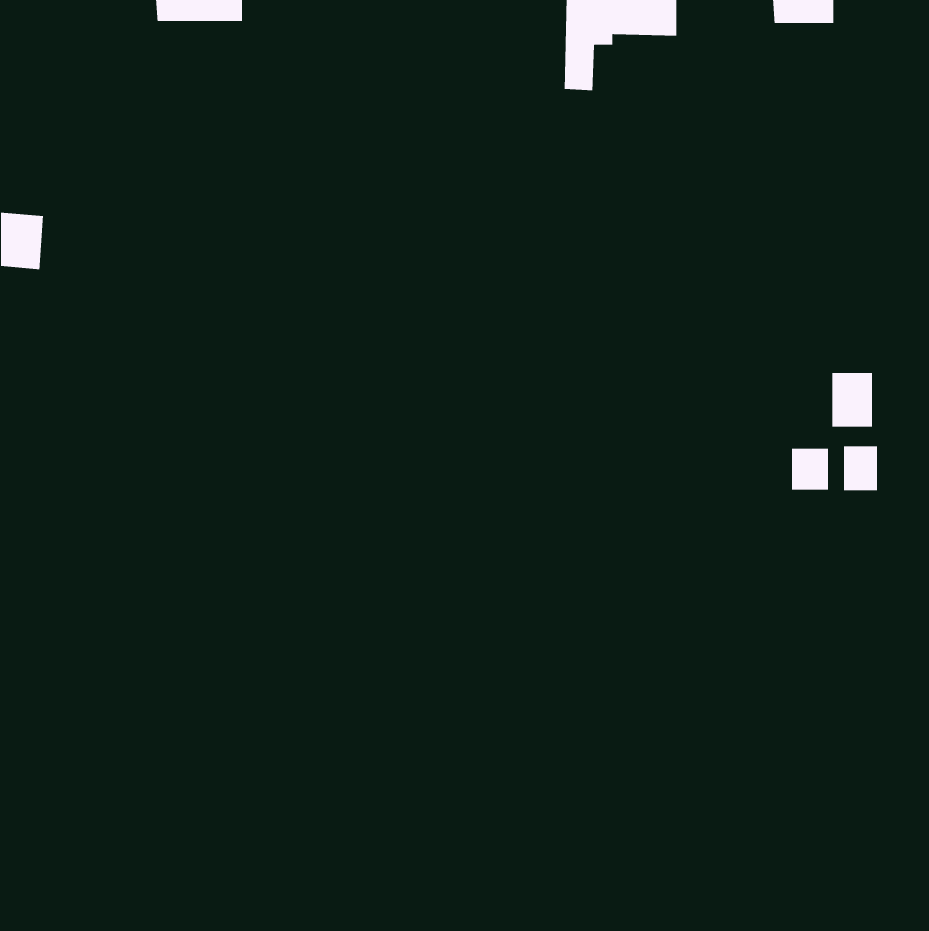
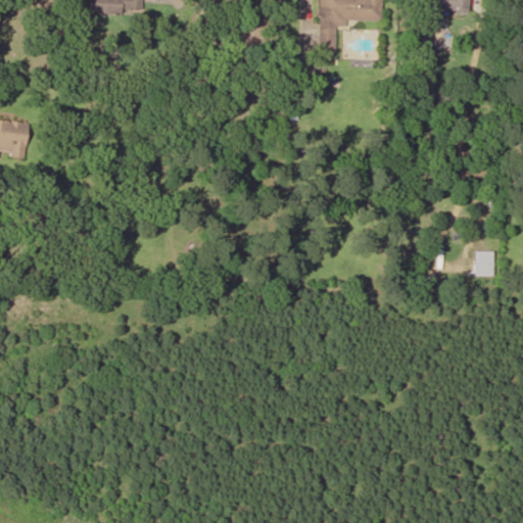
building: [831,372,873,427] -> none
building: [791,448,829,490] -> none

